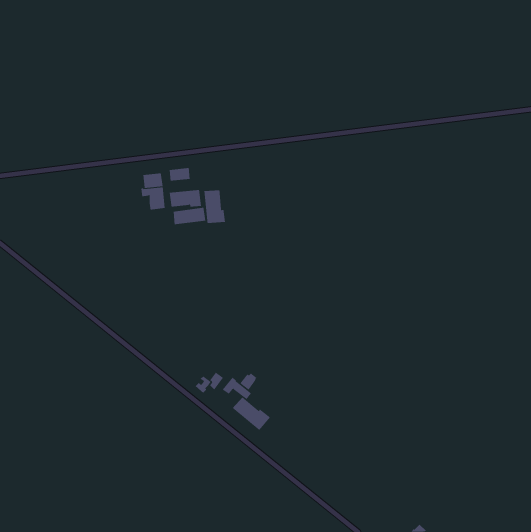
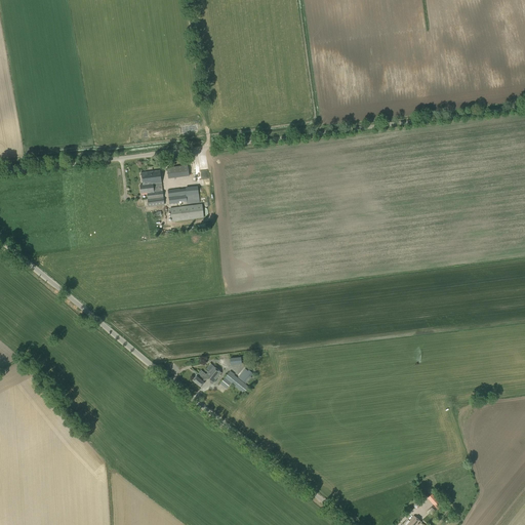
building: [204,190,225,224] -> none
building: [232,397,271,431] -> none

